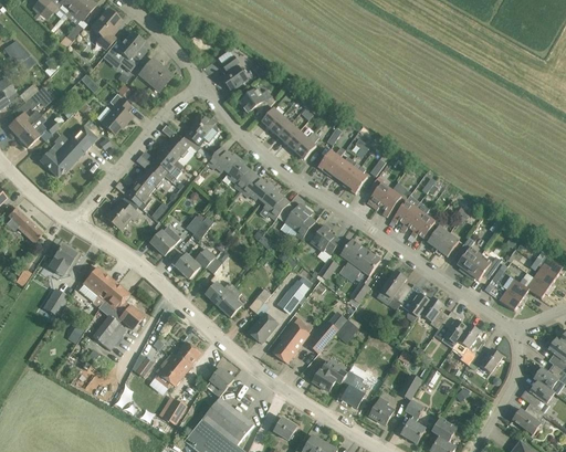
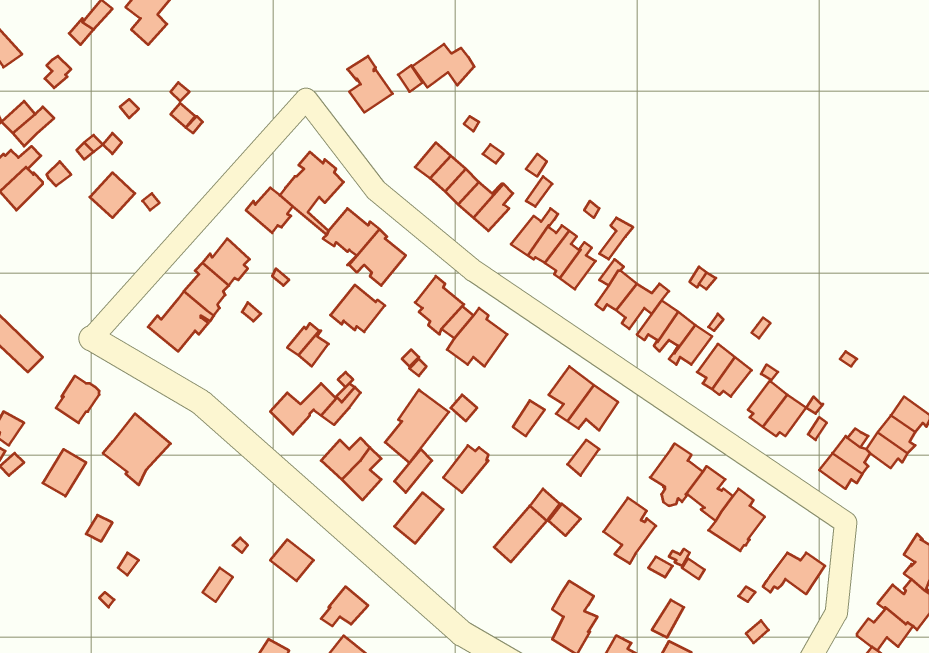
building: [106,31,146,71] -> none
building: [138,57,171,91] -> none
building: [238,87,274,113] -> [412,44,474,87]
building: [99,93,133,134] -> none
building: [39,139,83,177] -> none
building: [150,147,184,181] -> none
building: [241,174,273,201] -> [330,285,385,332]
building: [310,224,340,254] -> none
building: [150,225,180,255] -> none
building: [380,271,411,309] -> [603,498,656,564]
building: [92,284,140,350] -> none
building: [272,320,310,364] -> [385,390,449,463]
building: [452,324,483,365] -> none
building: [154,351,191,389] -> none
building: [313,359,347,391] -> none

